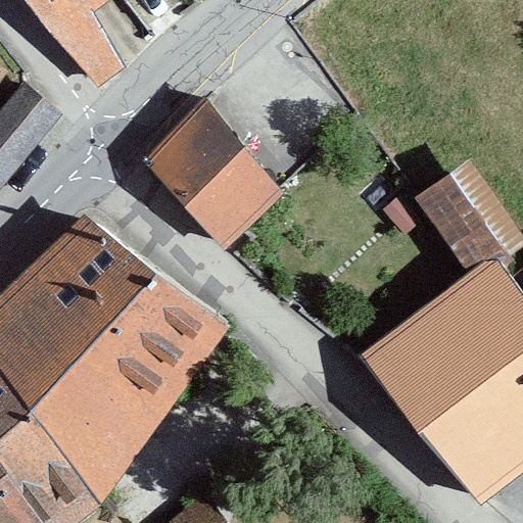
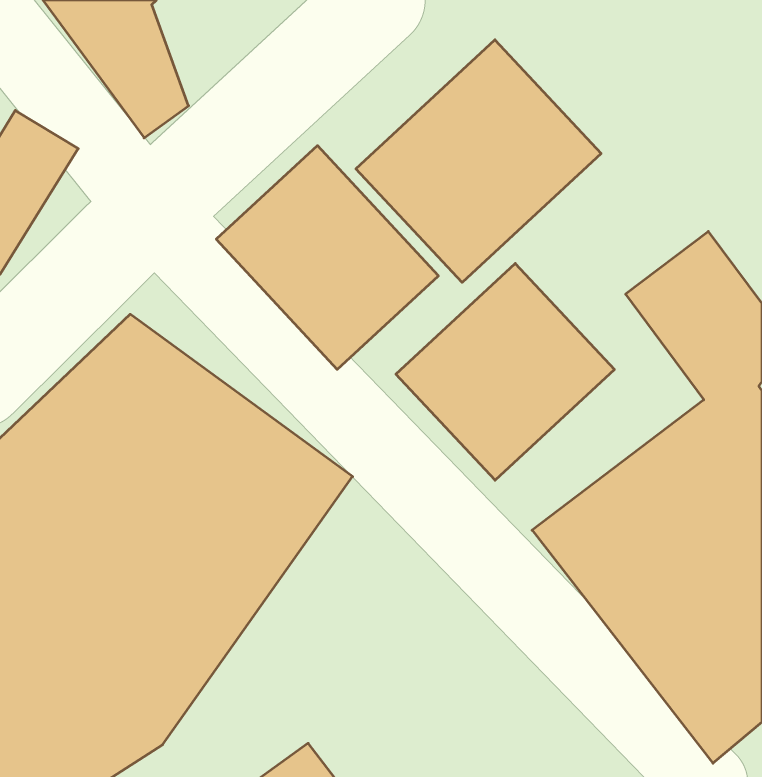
building: none -> [356,40,601,282]
building: none -> [396,263,614,480]

